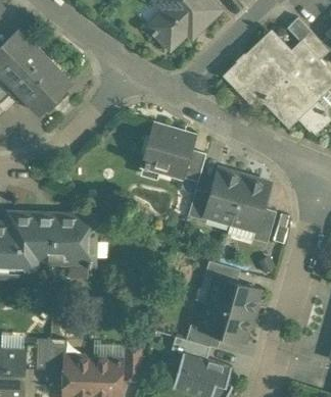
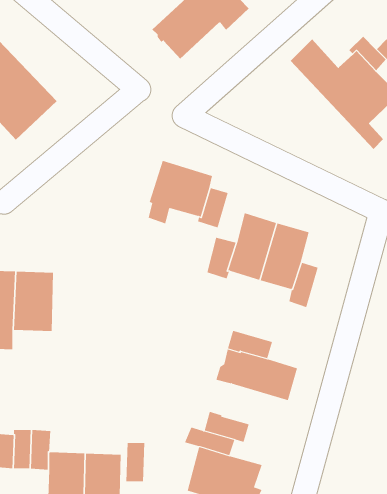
building: [224,50,318,129] -> none
building: [66,215,93,277] -> none
building: [199,302,251,341] -> none

